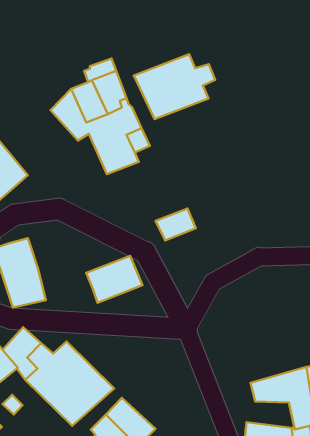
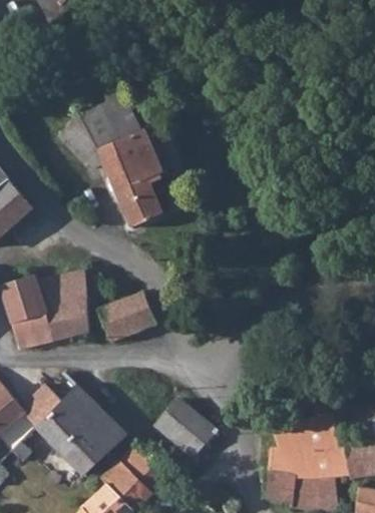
building: [134,54,215,119] -> none
building: [156,209,196,240] -> [119,193,162,227]
building: none -> [37,271,89,341]
building: none -> [152,399,217,461]
building: none -> [269,449,320,477]

